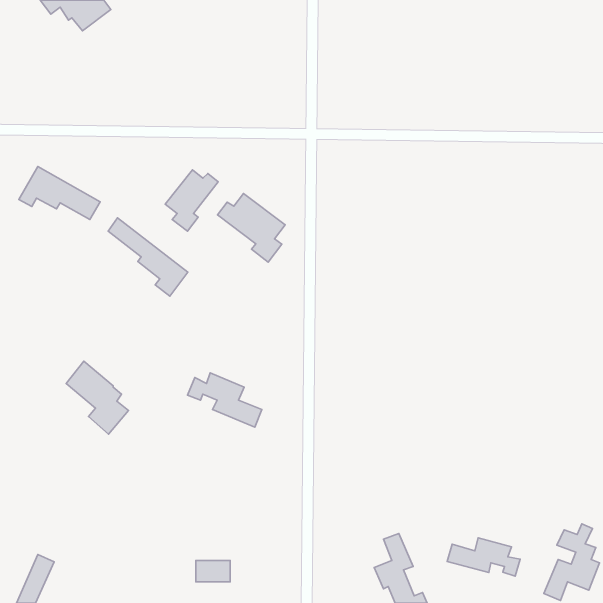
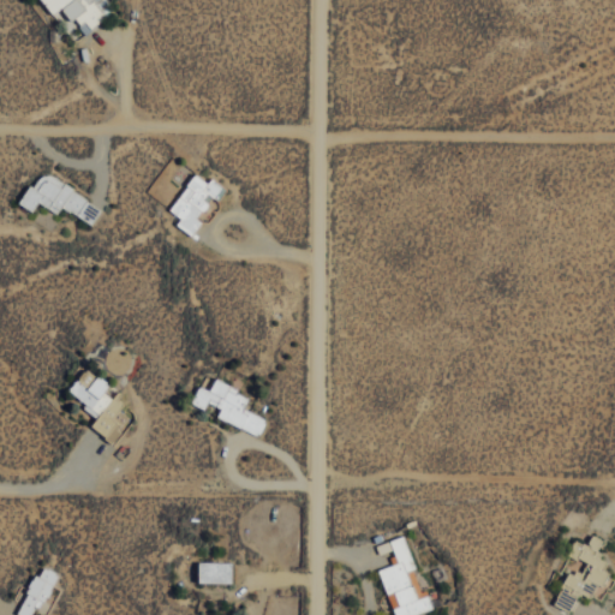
building: [218,194,285,262] -> none
building: [108,218,188,296] -> none
building: [447,538,520,576] -> none

